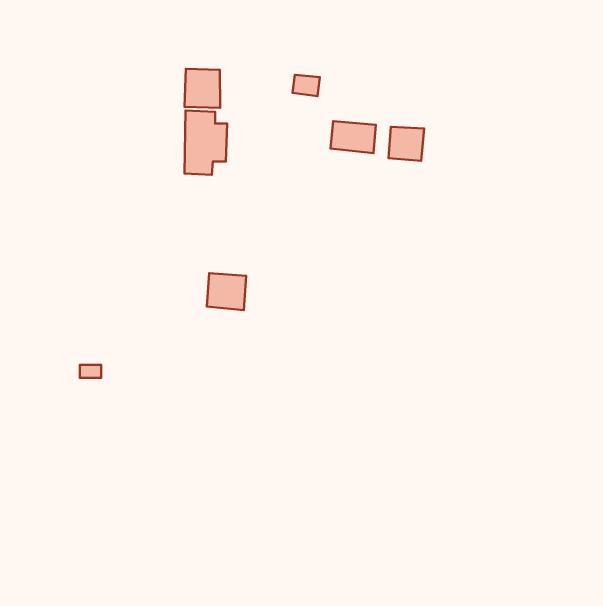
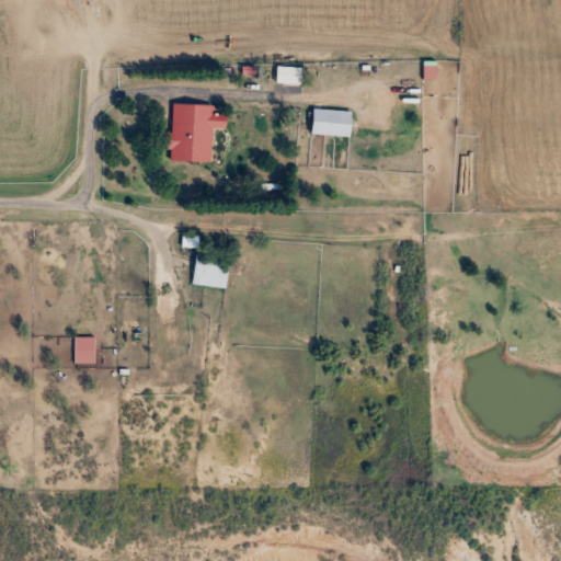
building: [185,69,220,108] -> none
building: [388,127,424,161] -> none

